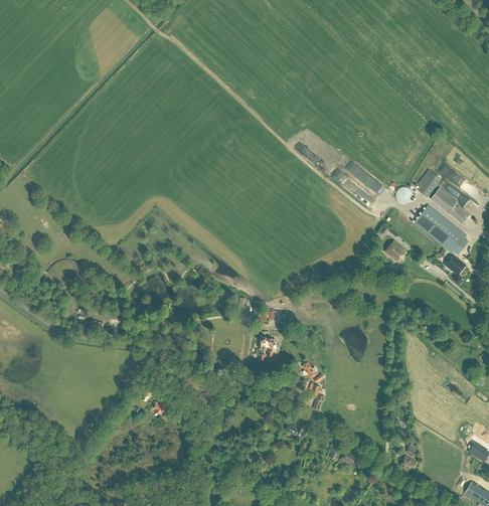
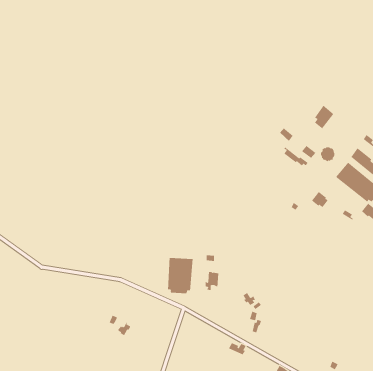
building: [418,168,442,197] -> [314,105,334,129]
building: none -> [167,257,193,294]

